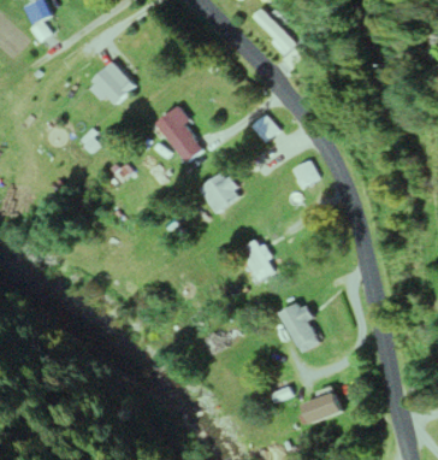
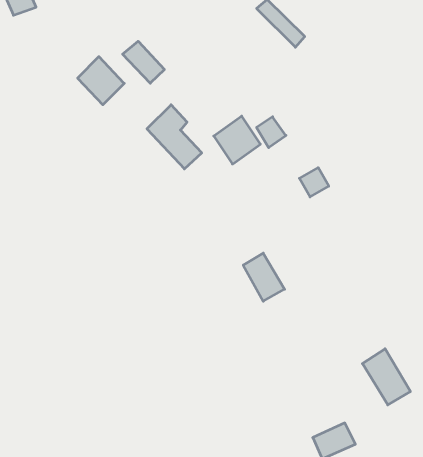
building: none -> [123,41,164,83]
building: [199,171,241,214] -> [214,116,260,164]
building: [279,301,322,352] -> [362,349,410,405]

